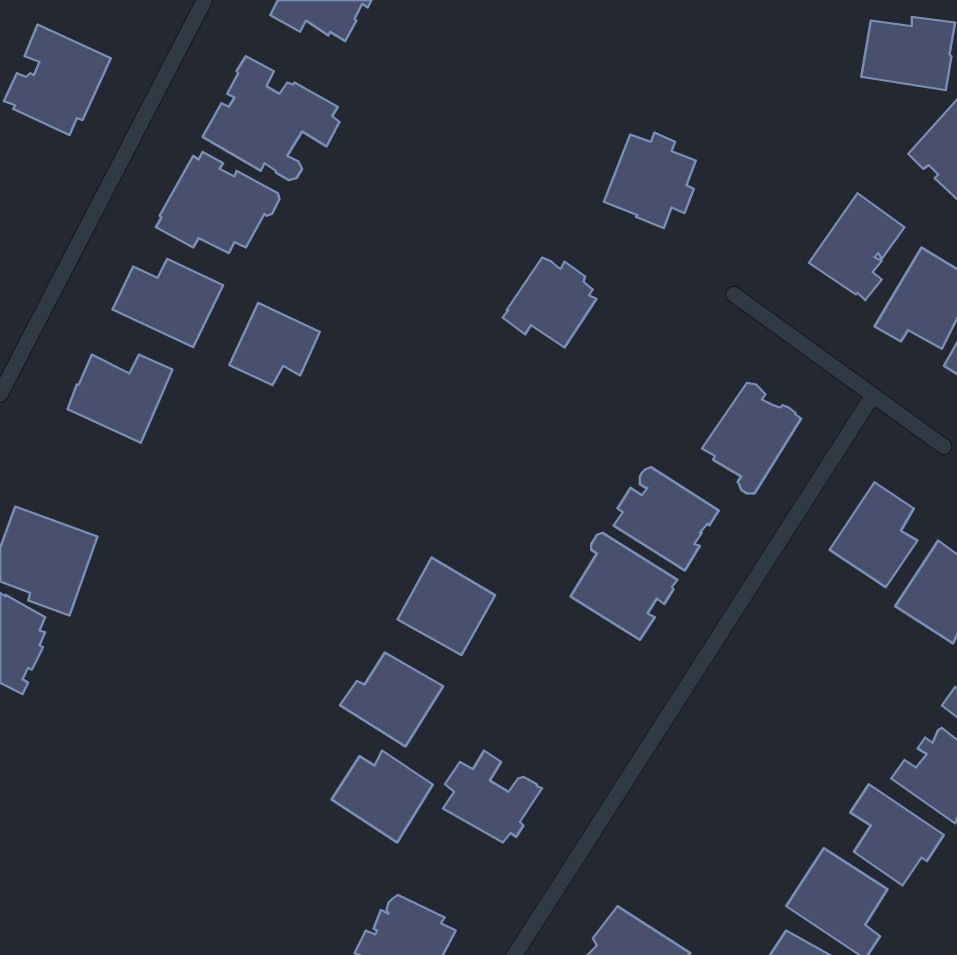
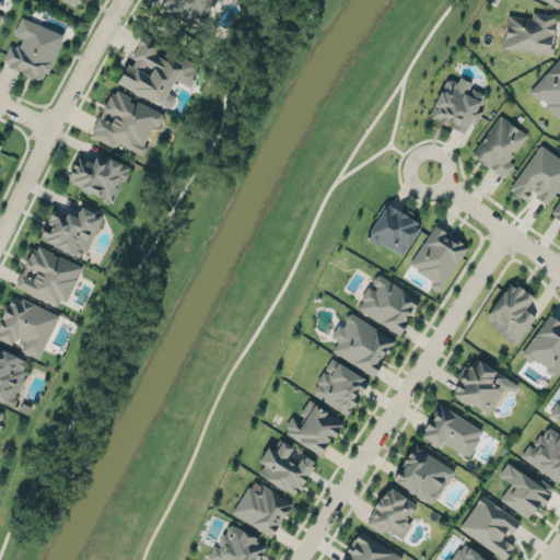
building: [604,132,696,228] -> [431,79,485,135]
building: [503,258,596,348] -> [366,202,421,255]
building: [229,303,320,385] -> none
building: none -> [16,246,84,305]
building: [398,558,495,655] -> [312,360,369,417]
building: none -> [453,359,505,417]
building: [340,653,443,746] -> [283,402,343,457]
building: none -> [421,406,485,459]
building: [331,751,433,843] -> [233,483,292,537]
building: none -> [394,443,455,502]
building: none -> [365,488,417,541]

